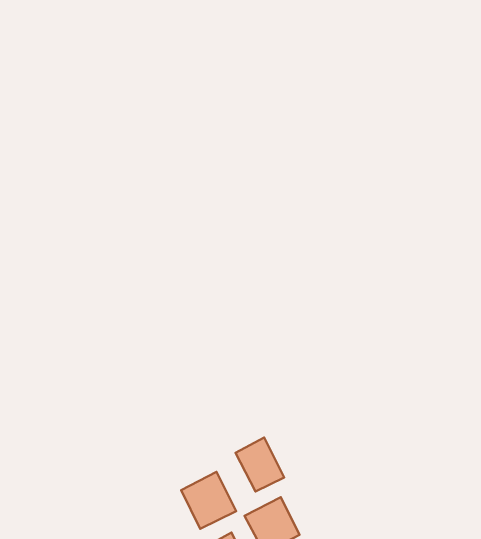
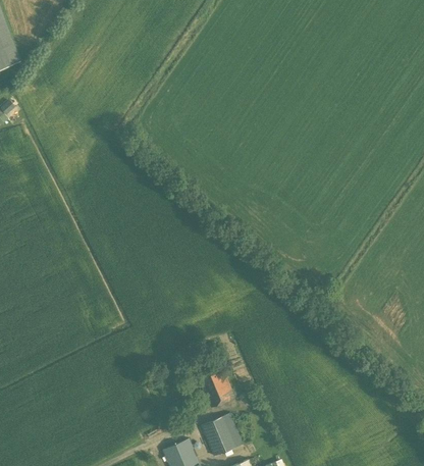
building: [181,472,236,529] -> none

